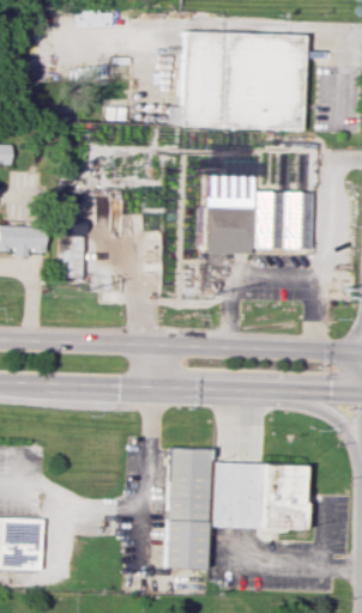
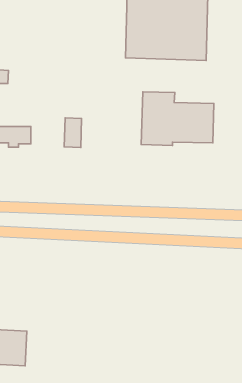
building: [59,235,84,278] -> [64,118,82,148]
building: [164,445,211,568] -> none
building: [216,465,313,530] -> none

